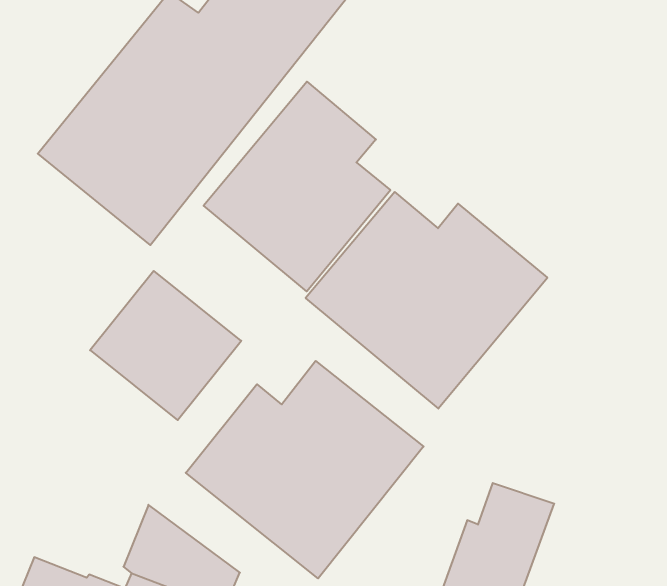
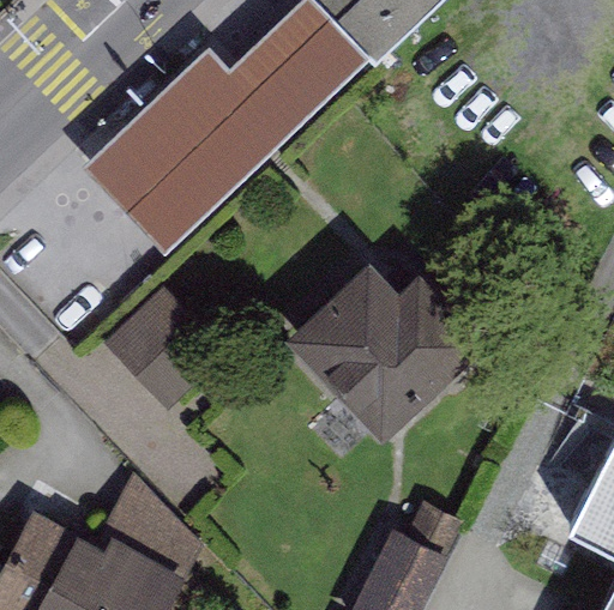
building: [204,82,390,291] -> none
building: [186,361,424,578] -> none

